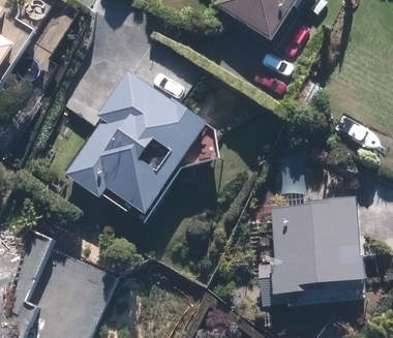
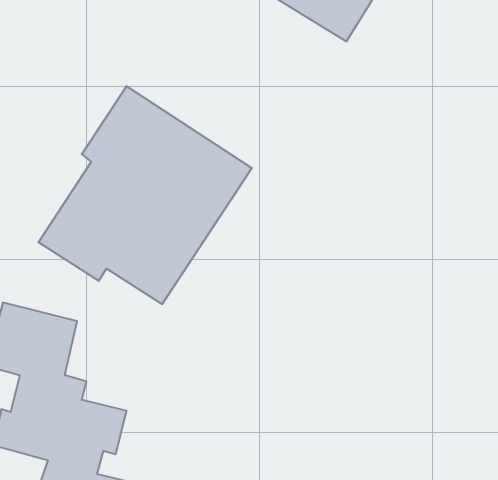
building: [269,199,365,297] -> none

